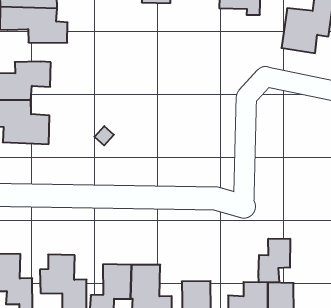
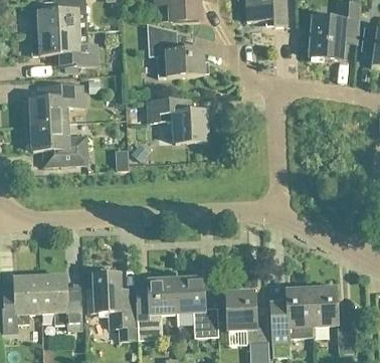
building: none -> [147,23,204,76]
building: none -> [145,98,206,142]
building: [259,239,290,282] -> none

